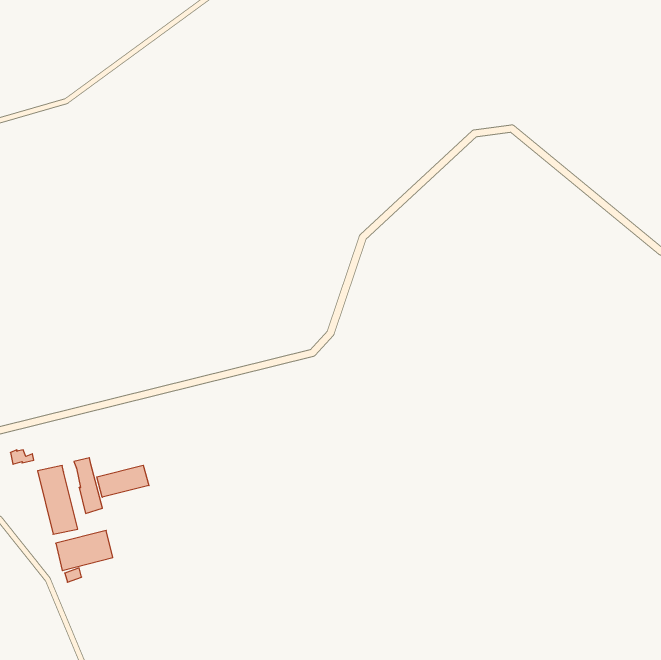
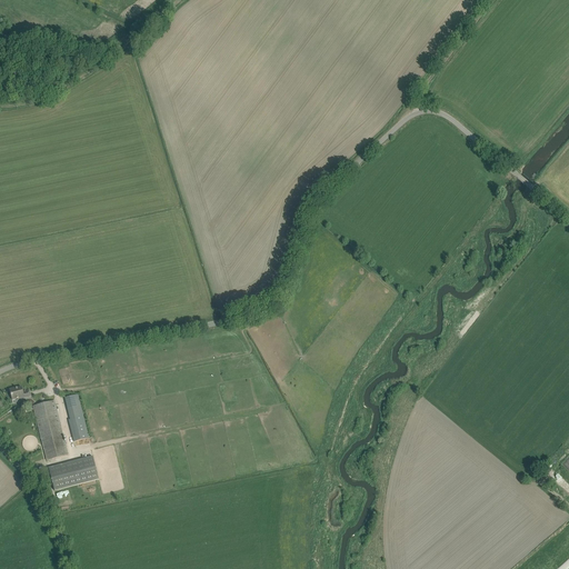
building: [97,465,149,497] -> none

